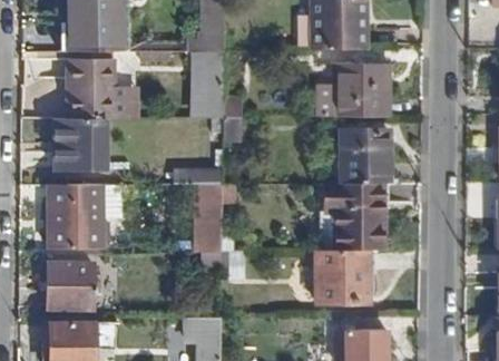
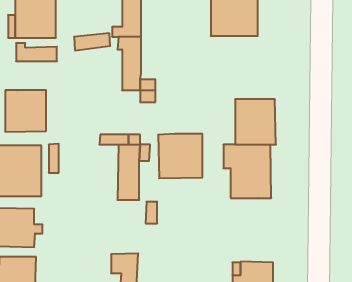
building: [315,64,391,117] -> none
building: [70,81,121,117] -> none
building: [314,250,369,304] -> [158,134,202,178]

